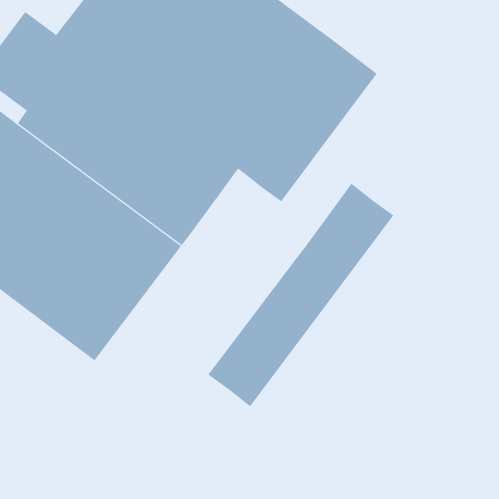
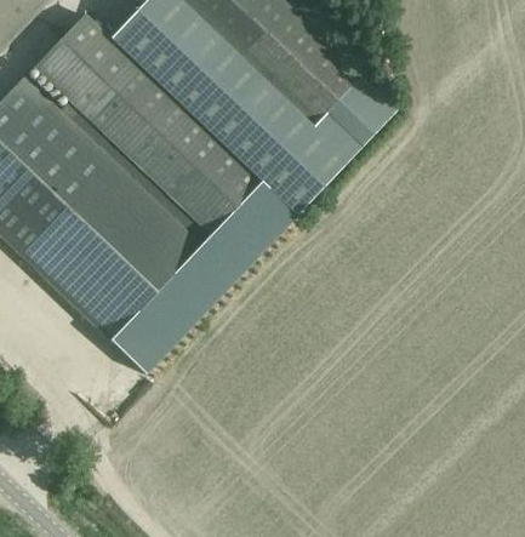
building: [208,183,394,407] -> [110,179,296,371]

